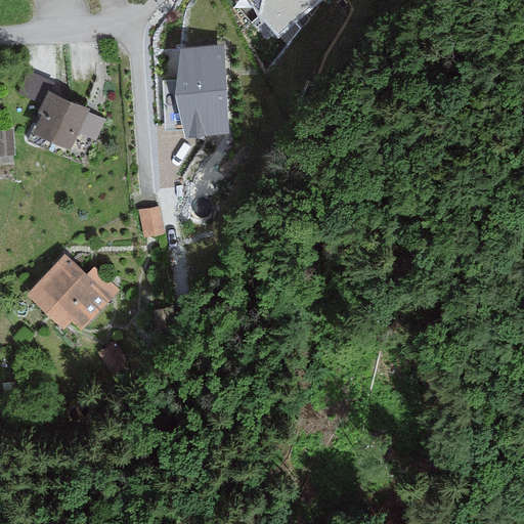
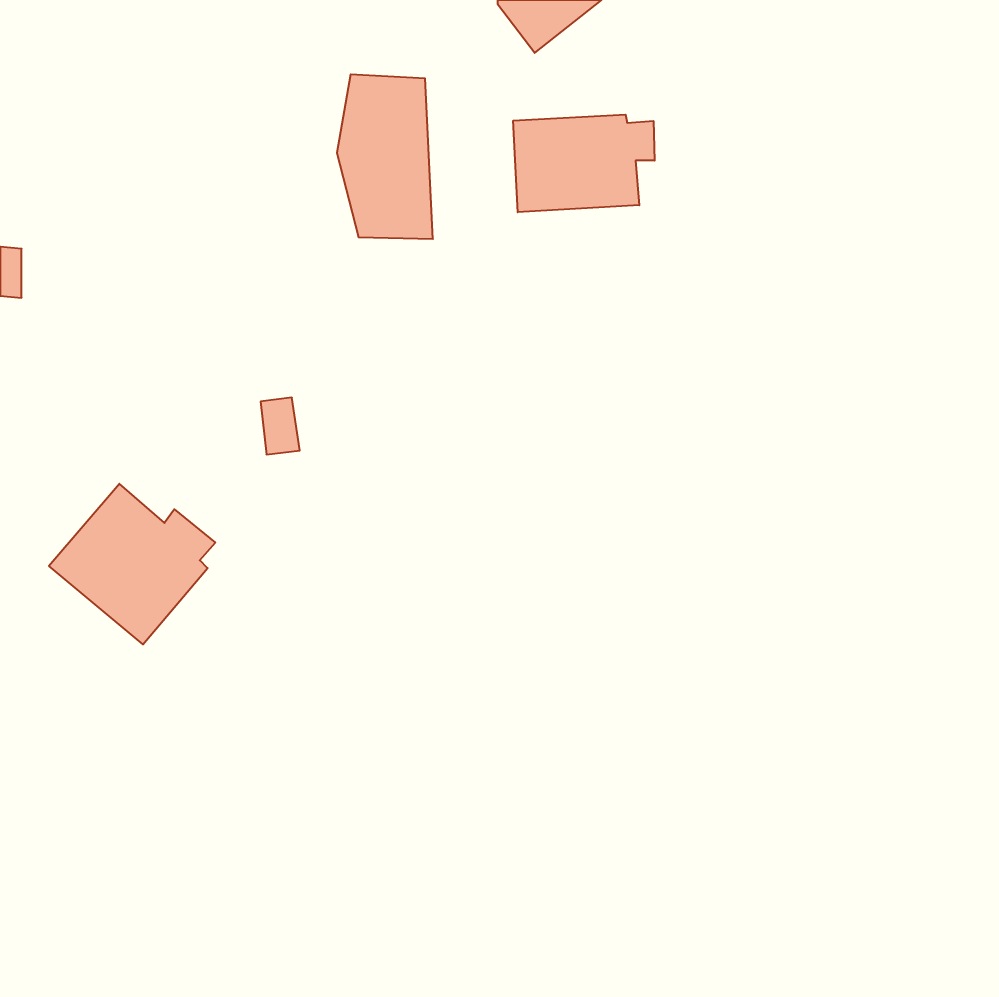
building: none -> [513,115,655,212]
building: [17,74,90,150] -> none

